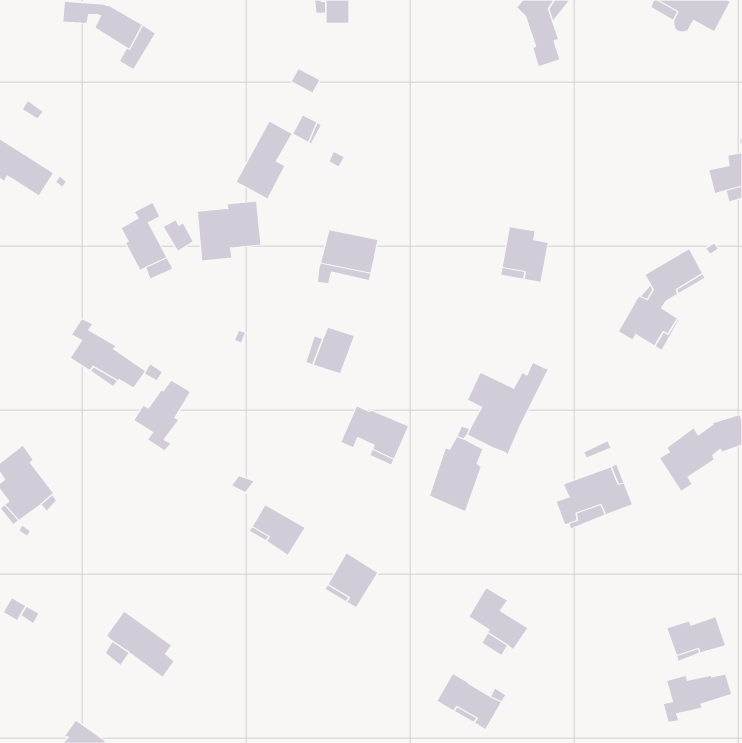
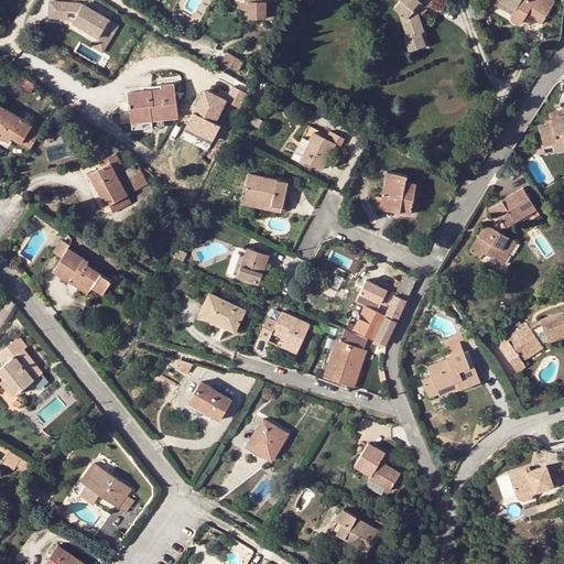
building: none -> [291,126,343,170]
building: [197,201,261,261] -> [128,85,176,130]
building: [133,380,190,451] -> none
building: none -> [199,293,243,332]
building: [663,674,732,722] -> none

